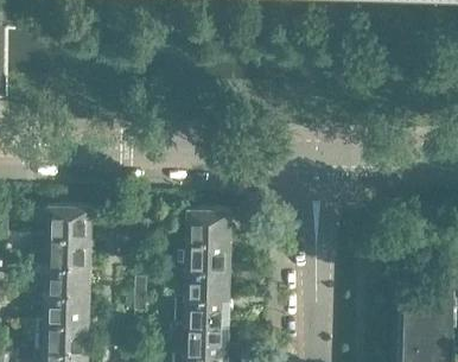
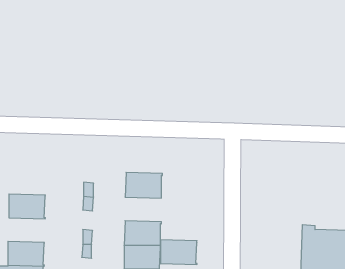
building: [46,220,91,250] -> none
building: [186,253,230,282] -> [160,240,197,264]
building: [45,278,90,307] -> none

